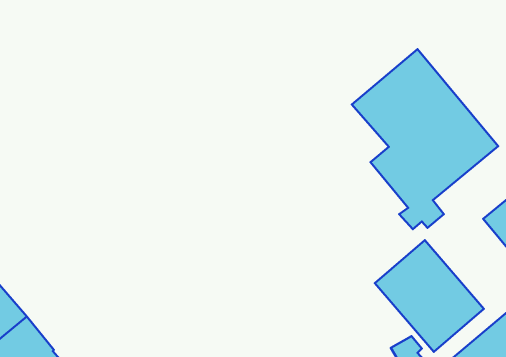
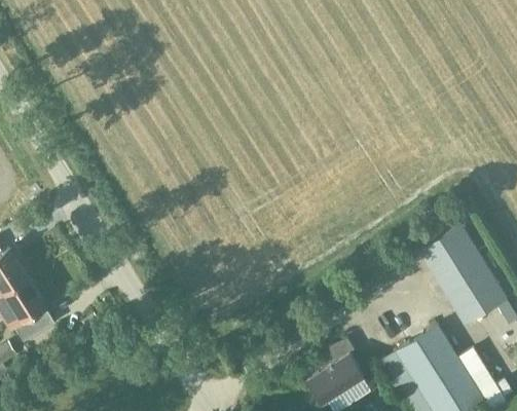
building: [352,49,498,229] -> none
building: [375,240,484,352] -> none

